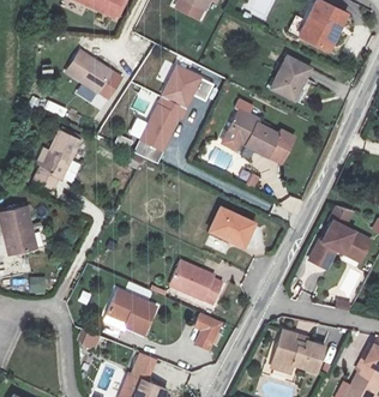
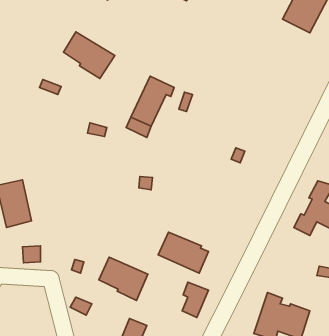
building: [273,58,309,100] -> none
building: [161,65,213,109] -> none
building: [222,110,296,163] -> none
building: [35,133,79,187] -> none
building: [210,207,255,247] -> none

